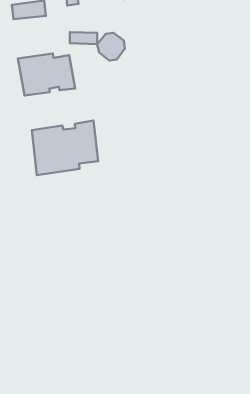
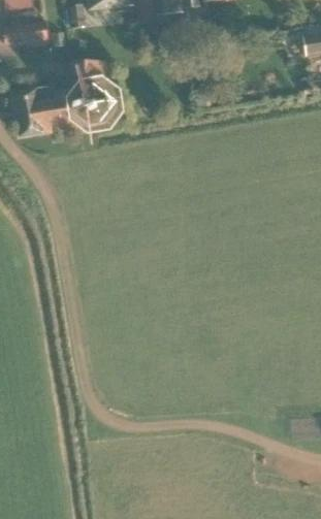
building: [97,33,125,60] -> [92,82,125,115]
building: [32,120,98,175] -> none

